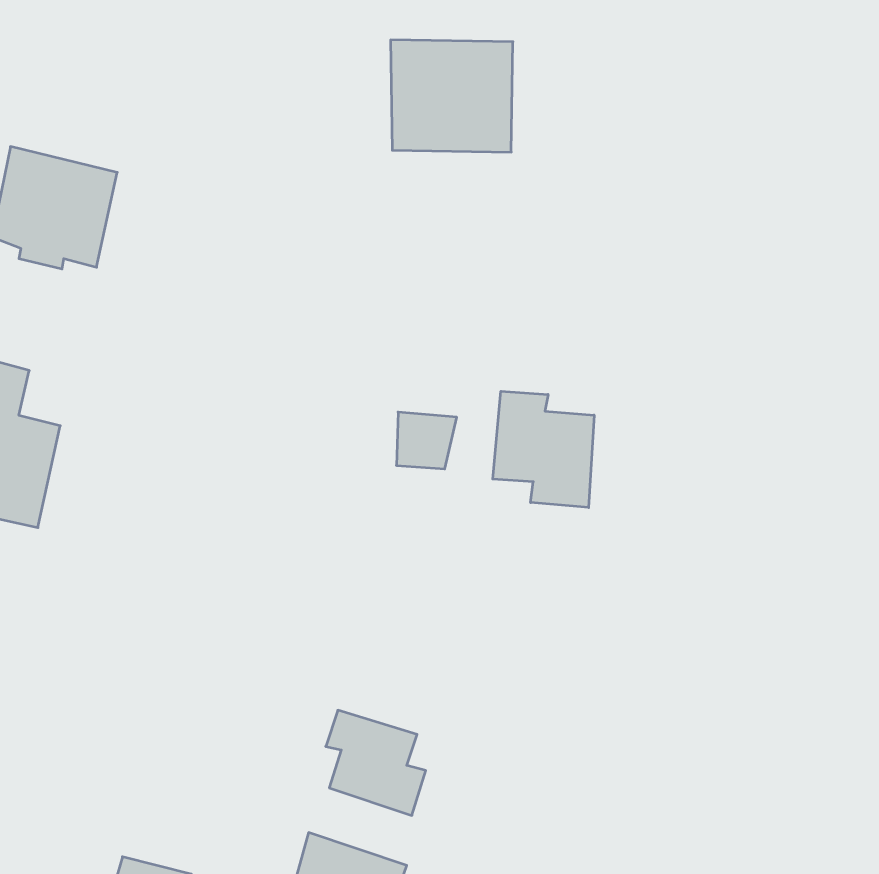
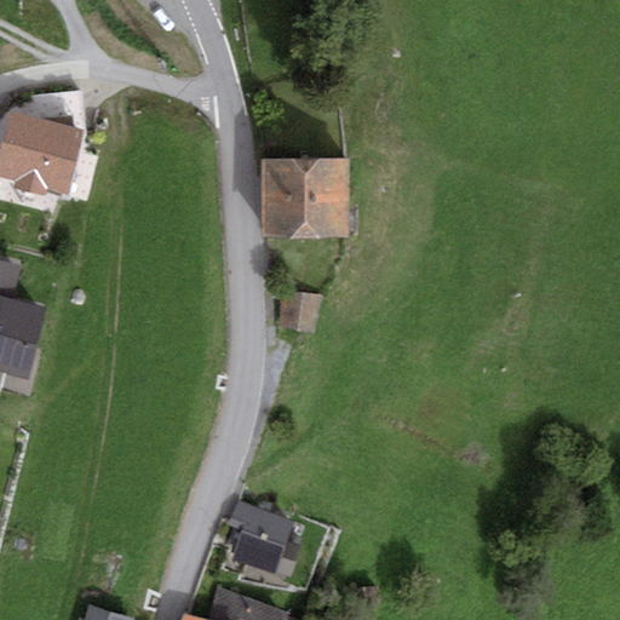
building: [391,40,513,152] -> [262,155,348,234]
building: [493,391,594,508] -> none

